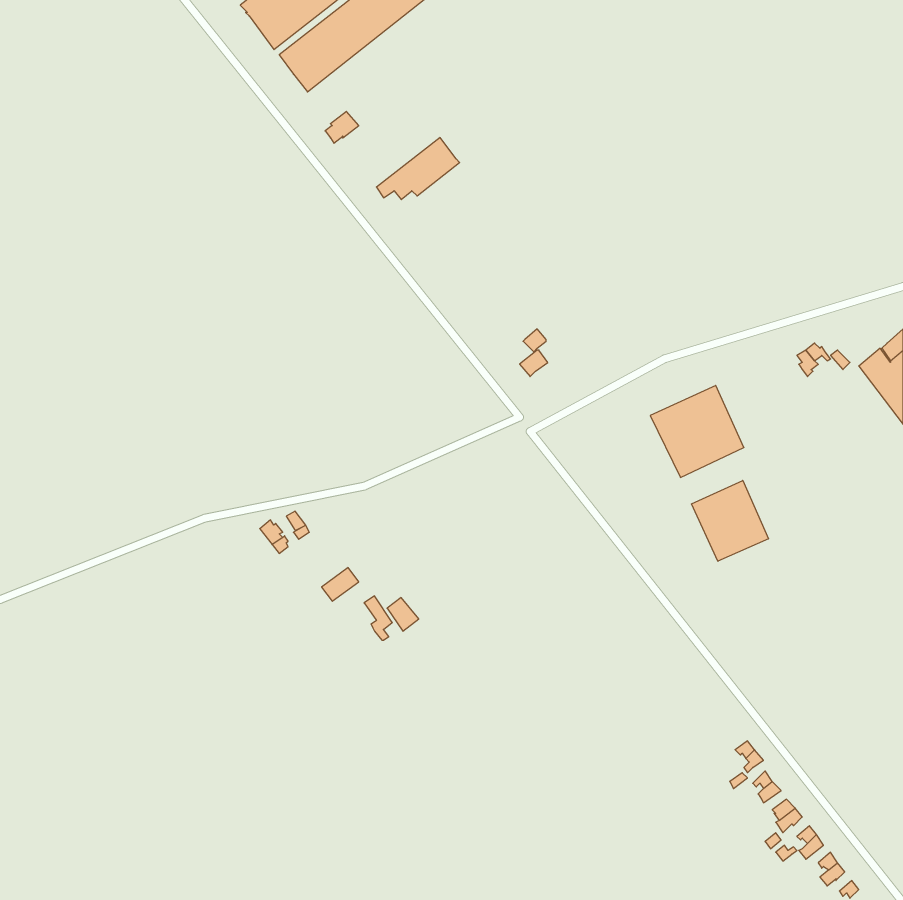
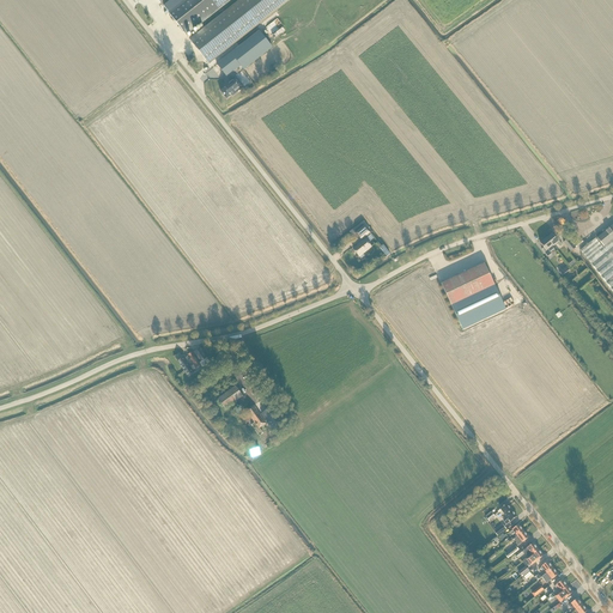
building: [376,138,460,200] -> [217,29,273,71]
building: [692,480,768,561] -> none

